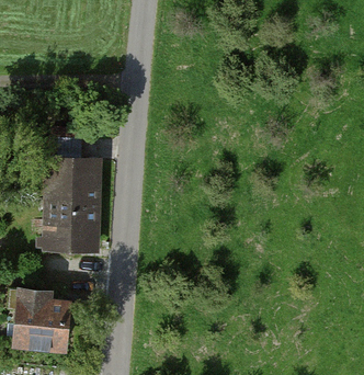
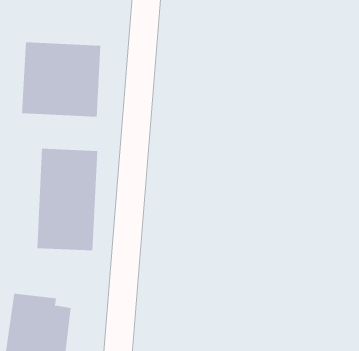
building: none -> [22,41,101,117]

